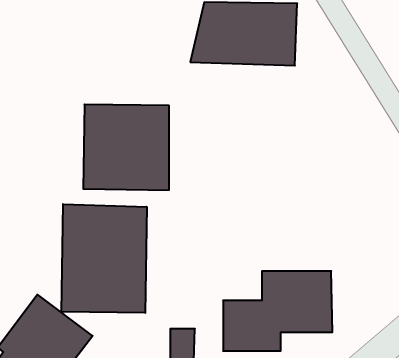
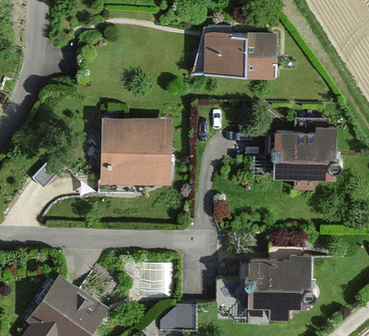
building: none -> [274,125,339,181]
building: [62,204,147,313] -> none

